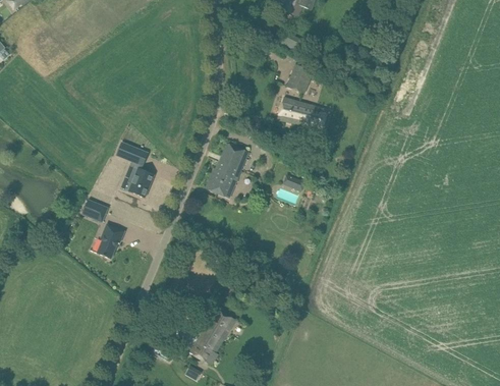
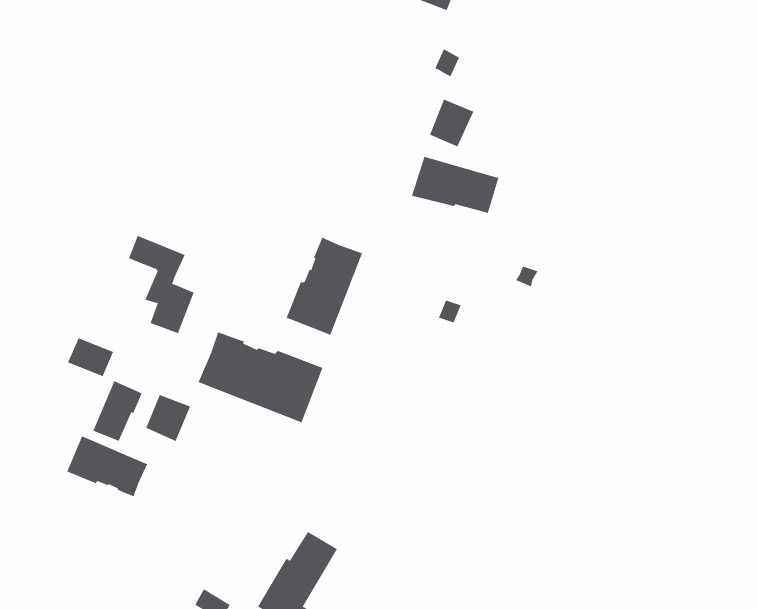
building: none -> [198,331,323,423]
building: none -> [146,394,191,442]
building: none -> [67,436,148,497]

